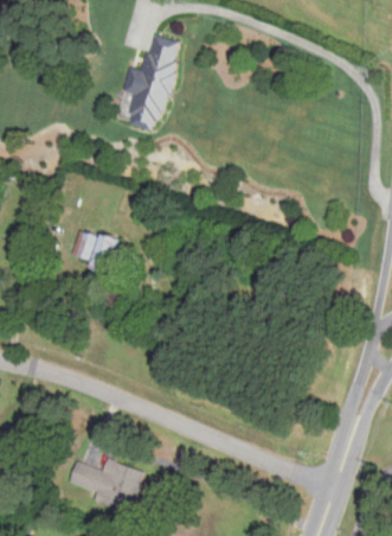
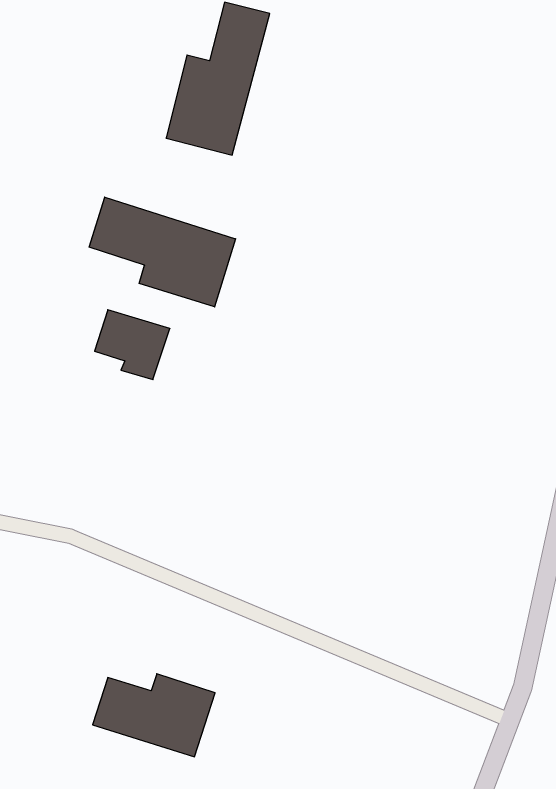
building: none -> [89,197,236,307]

